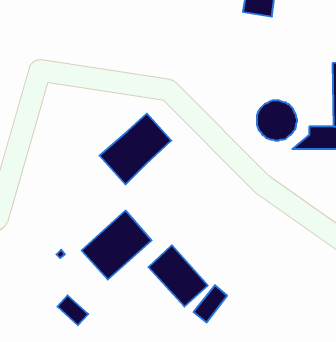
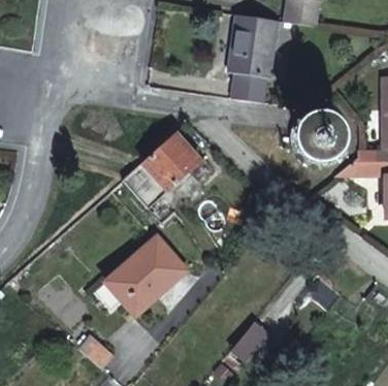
building: none -> [227,13,278,102]
building: [148,245,208,307] -> none

